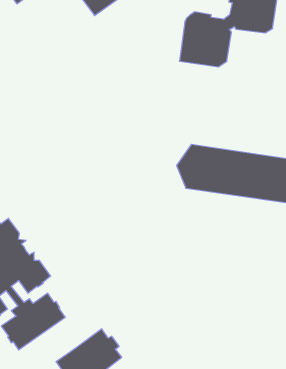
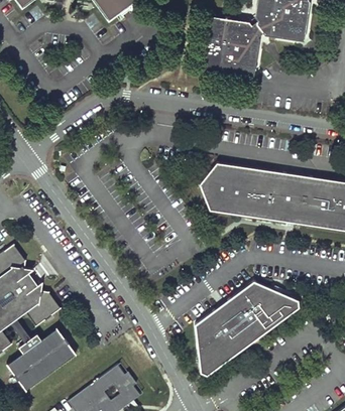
building: none -> [192,284,296,380]

